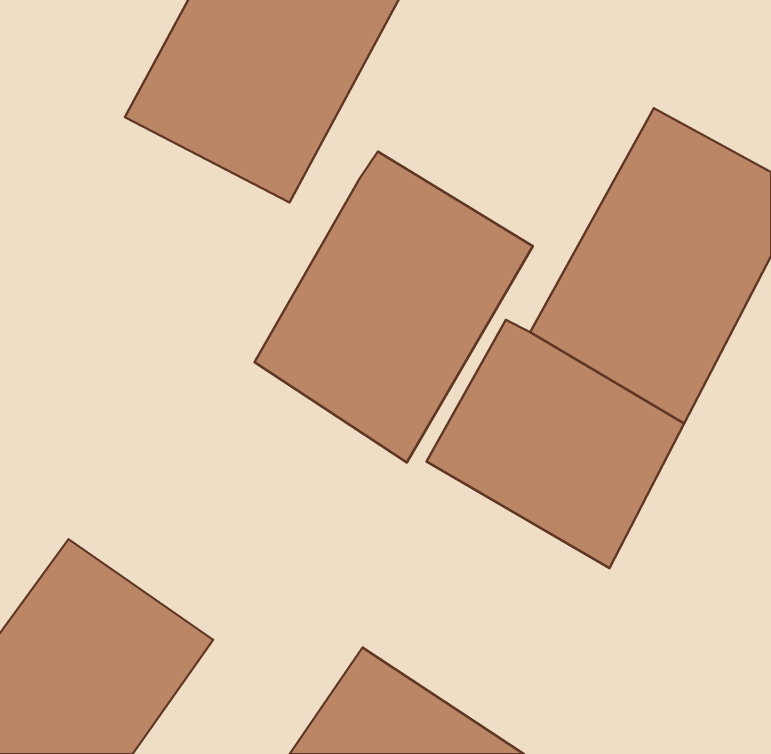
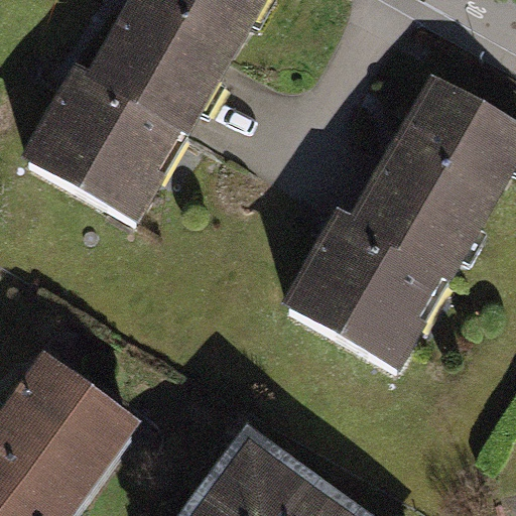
building: none -> [22,72,191,229]
building: [254,152,533,462] -> none

